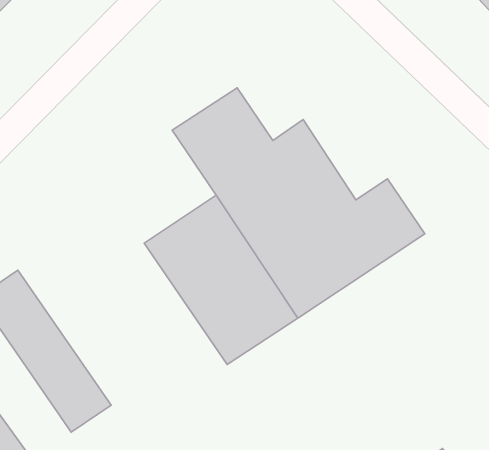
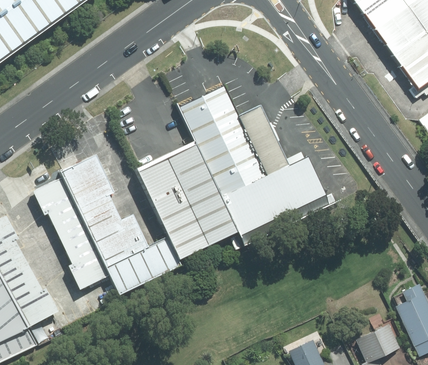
building: none -> [57,161,174,299]

